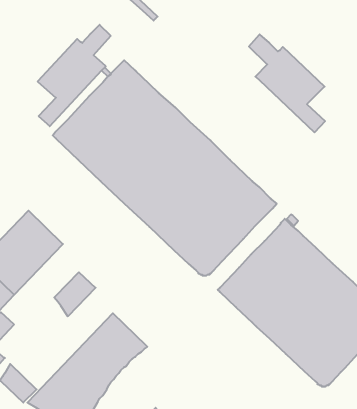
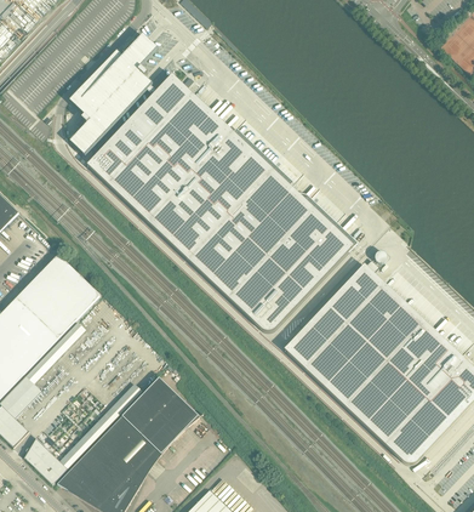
building: [249,34,325,132] -> none
building: [54,272,96,316] -> none

